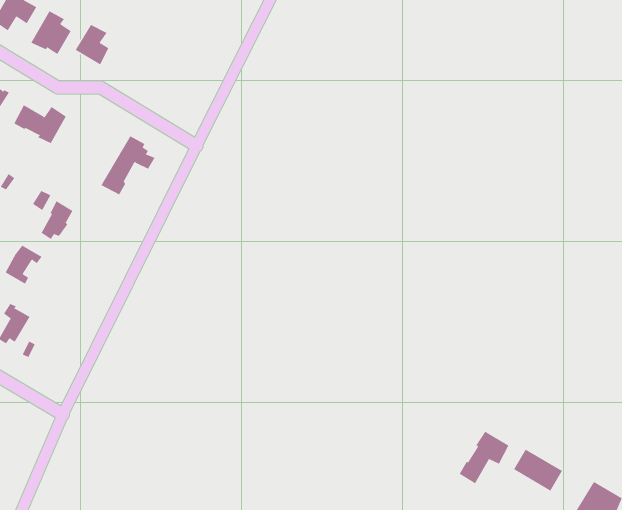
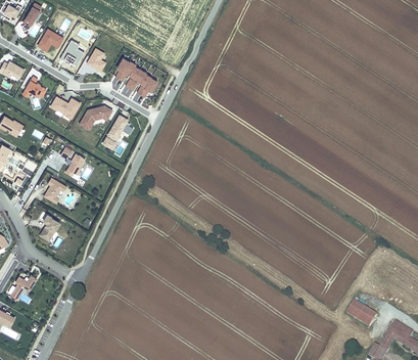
building: none -> [114,56,157,97]
building: none -> [78,104,112,130]
building: [459,431,509,484] -> none

